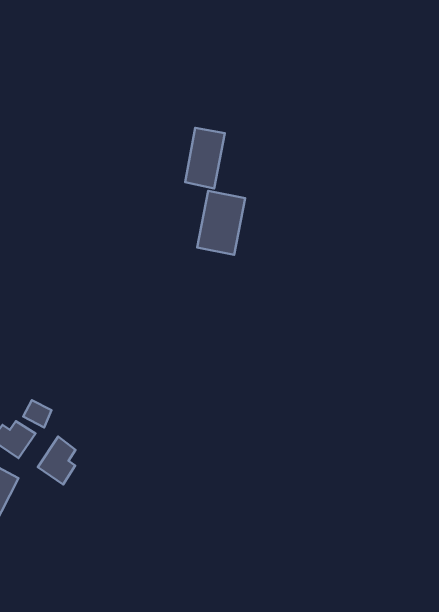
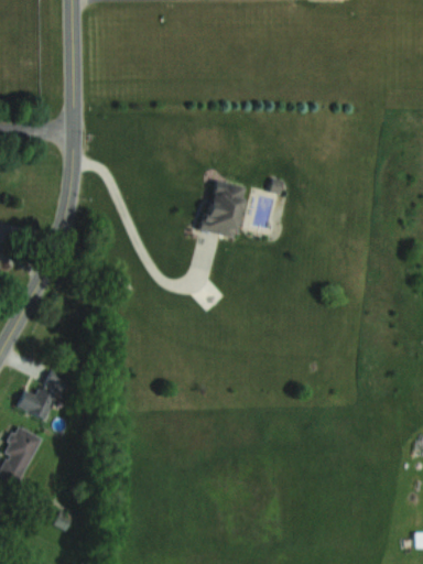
building: [185,128,225,188] -> none
building: [38,437,76,485] -> none

